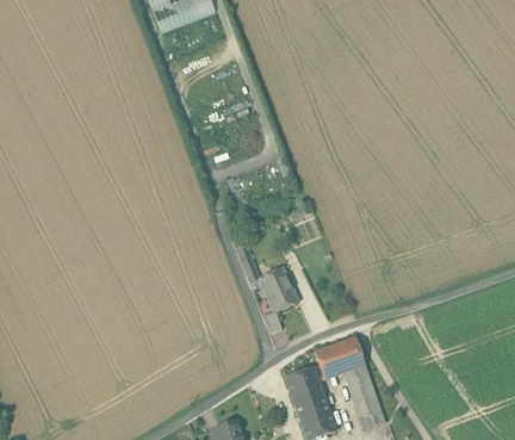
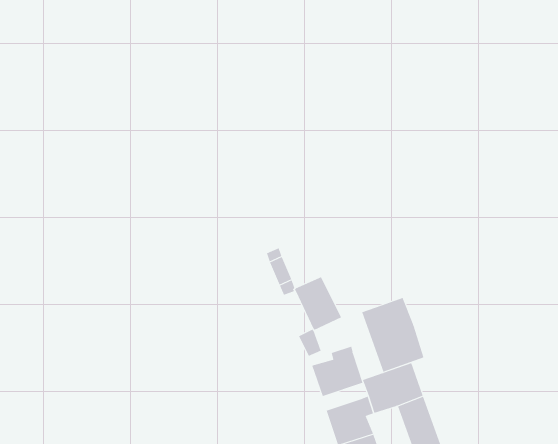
building: none -> [362,297,424,373]
building: none -> [311,346,363,397]

